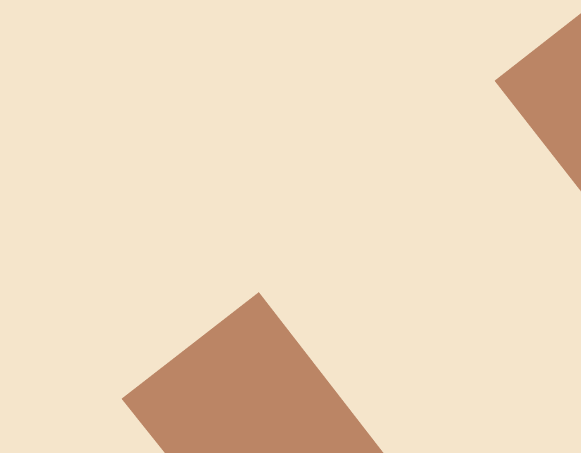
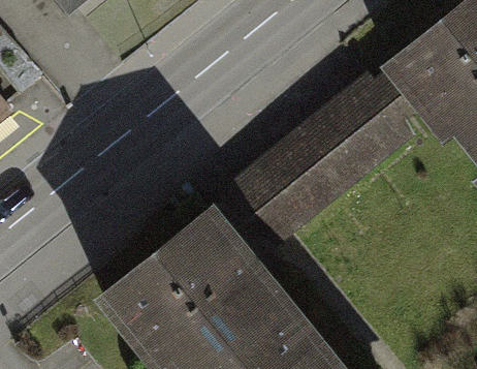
building: none -> [233,70,417,237]

